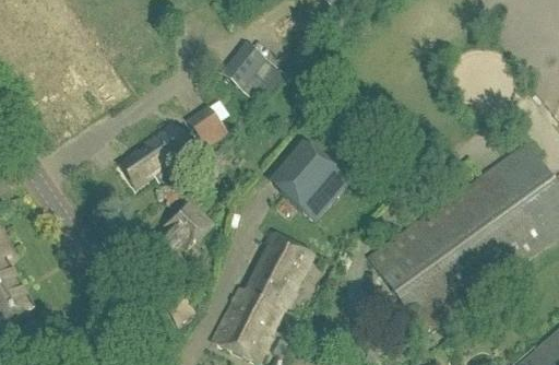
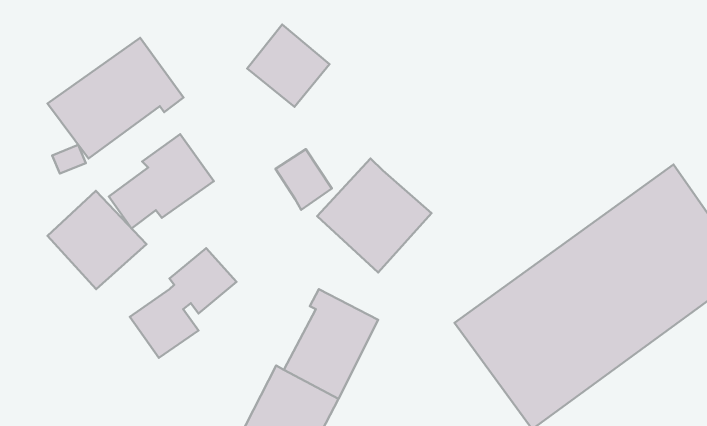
building: none -> [47,38,184,158]
building: [186,106,226,150] -> [275,149,332,210]
building: none -> [47,191,146,289]

